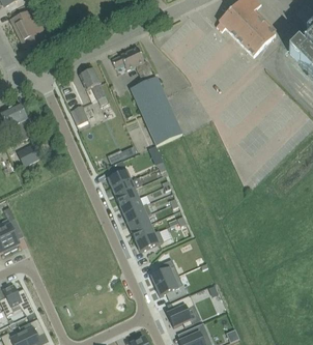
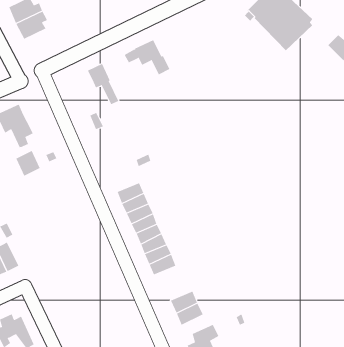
building: [130,76,181,144] -> none

